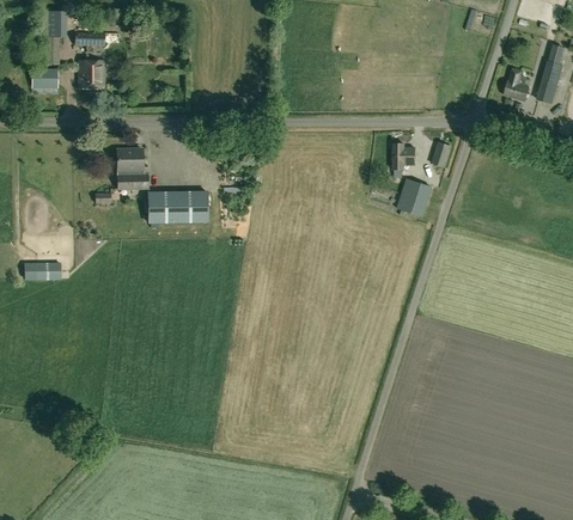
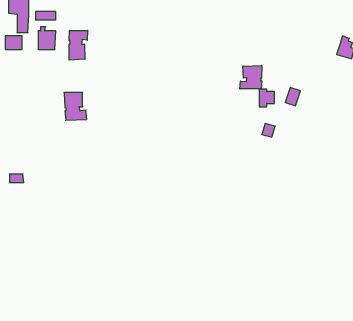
building: none -> [69,30,88,60]
building: none -> [240,65,262,89]
building: [148,191,209,222] -> none

